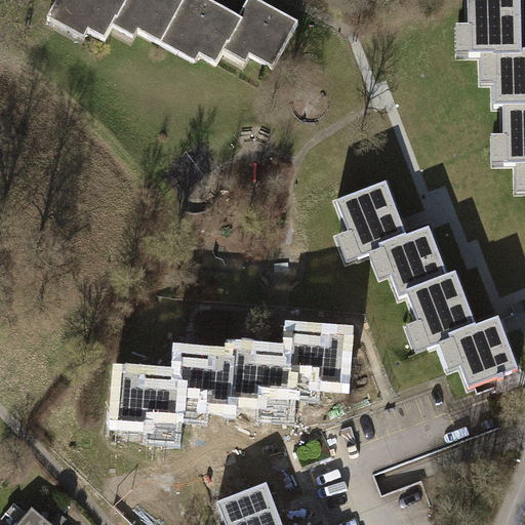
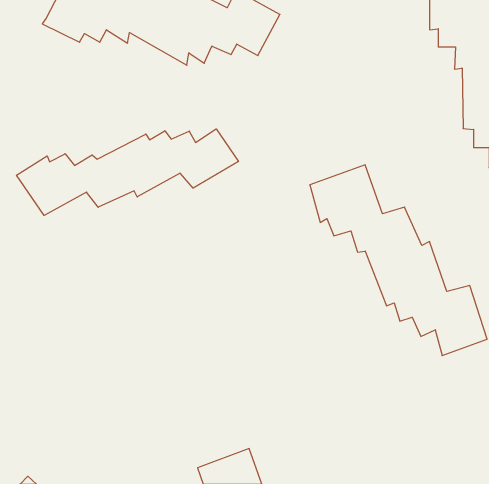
building: none -> [17,129,238,215]
building: [118,327,346,432] -> none

